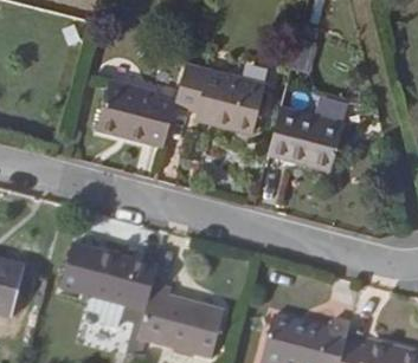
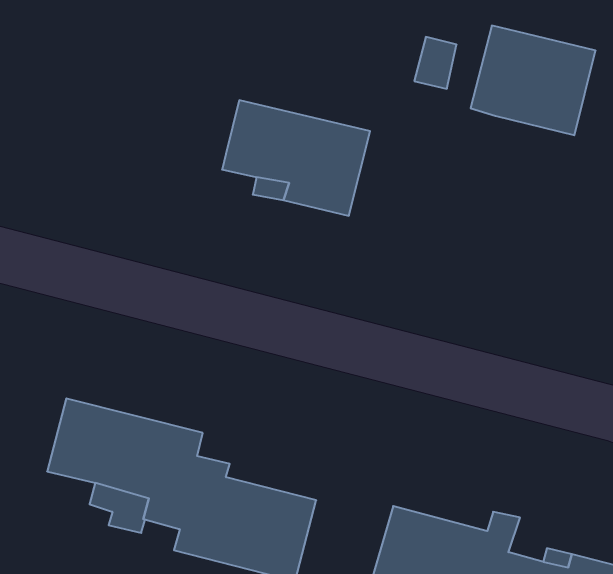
building: [92,79,173,149] -> none
building: [263,104,340,171] -> [471,26,596,135]

